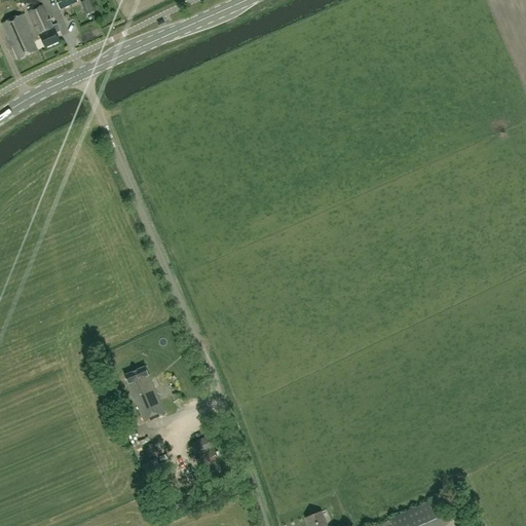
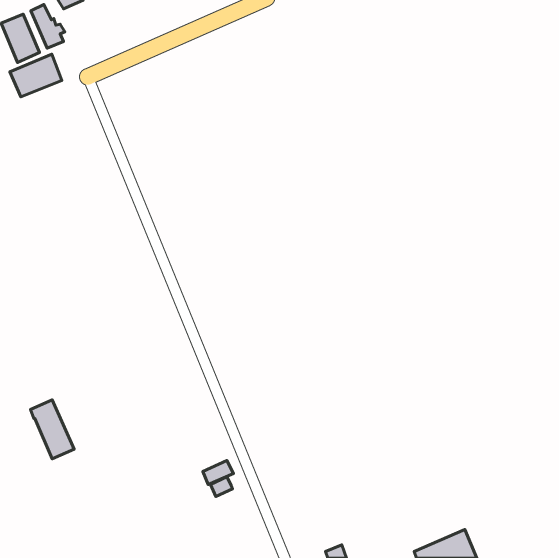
building: none -> [10,54,62,97]
building: [124,365,165,420] -> [30,400,74,459]

